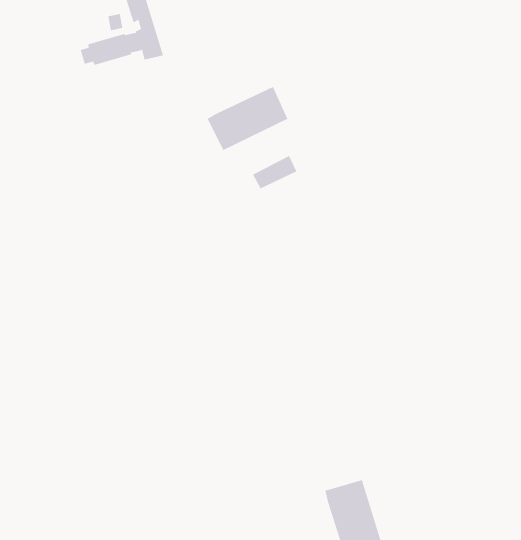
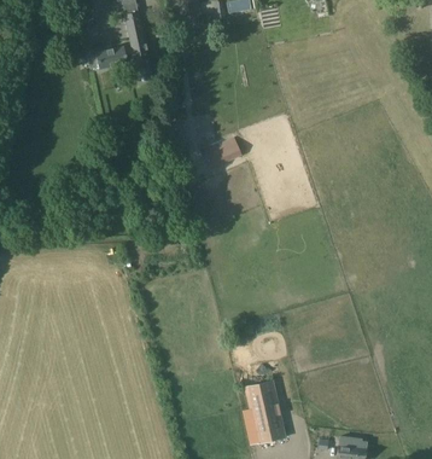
building: [207,86,288,151] -> none

